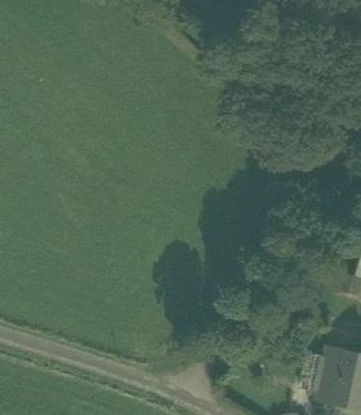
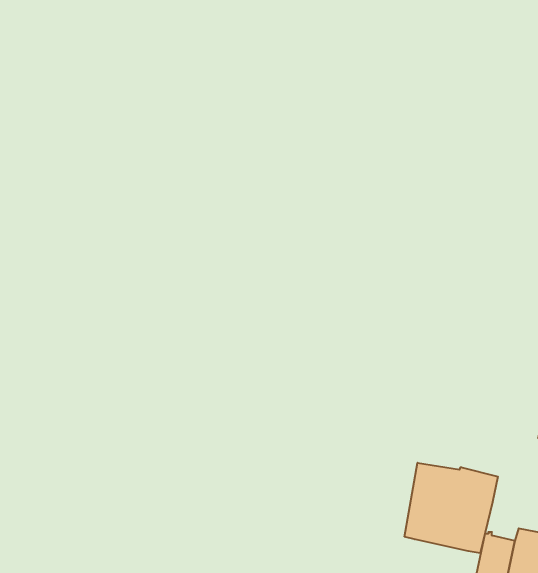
building: none -> [405,463,498,553]

